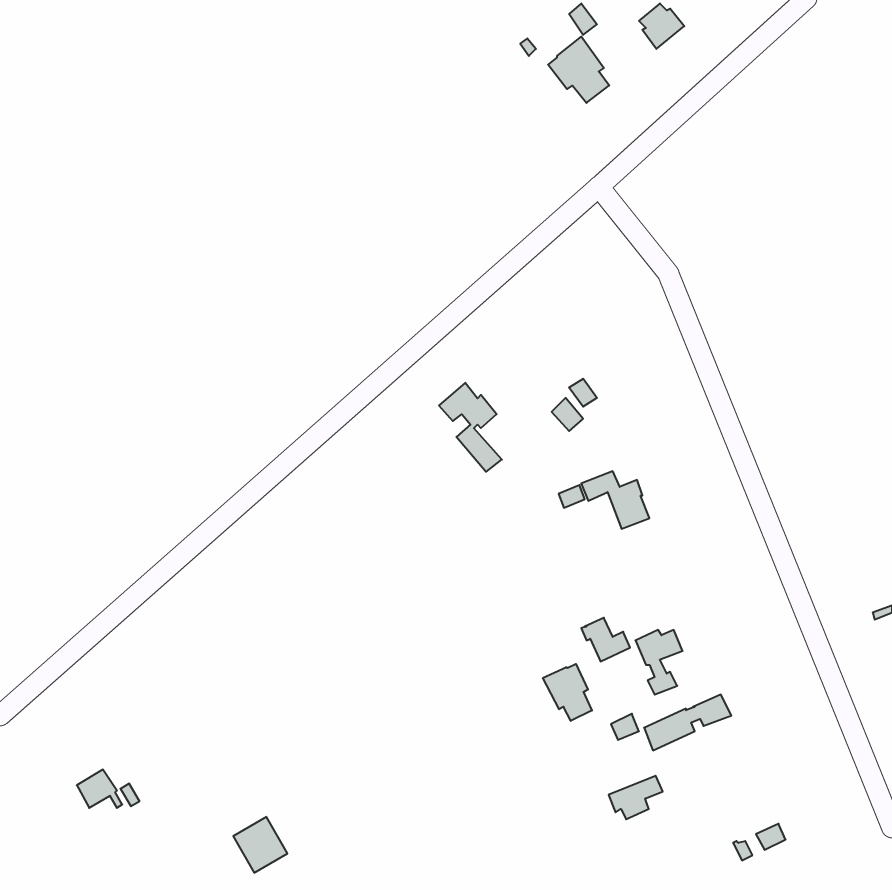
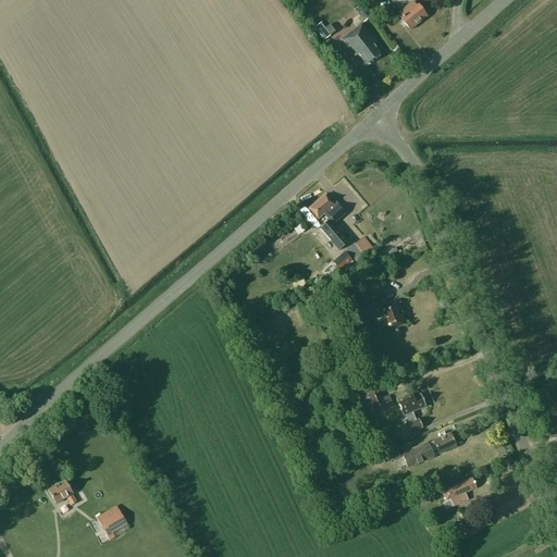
building: [439,383,502,472] -> [309,194,348,249]
building: [543,664,592,721] -> none
building: [609,776,663,819] -> [442,479,475,506]
building: [233,817,287,873] -> [96,505,129,540]

